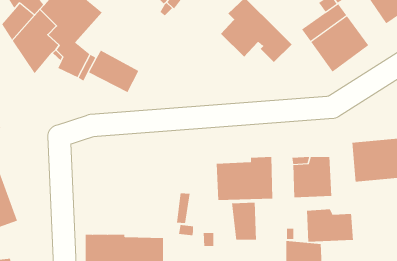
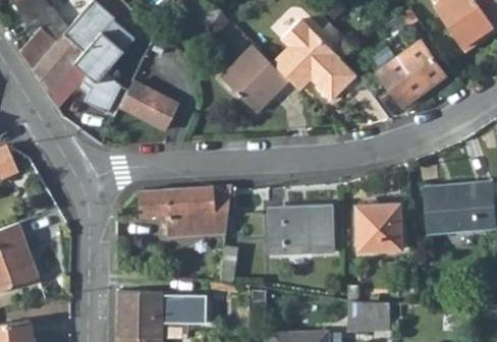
building: none -> [220,45,288,113]
building: none -> [140,185,232,237]
building: [231,202,256,241] -> none
building: [307,208,353,243] -> none

